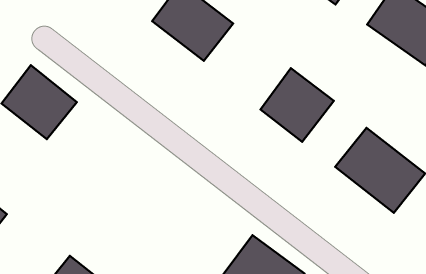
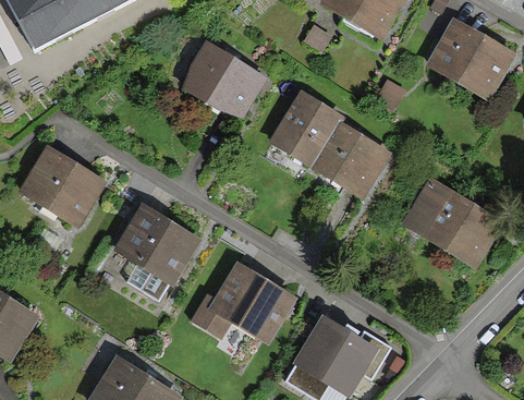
building: none -> [270,95,341,169]
building: none -> [112,206,200,288]
building: none -> [191,262,295,344]

